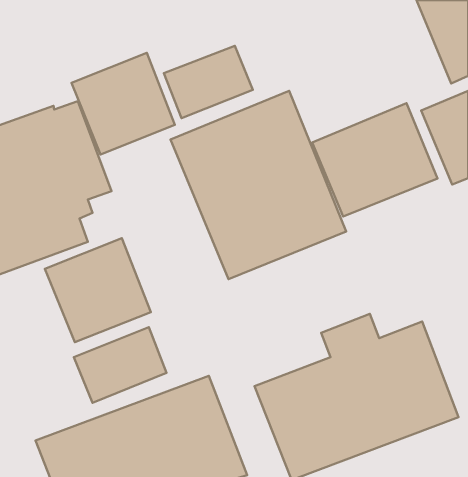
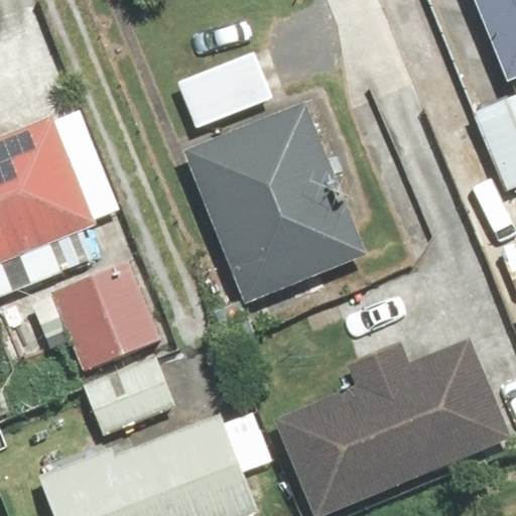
building: [72,53,175,155] -> none
building: [312,103,437,217] -> none

